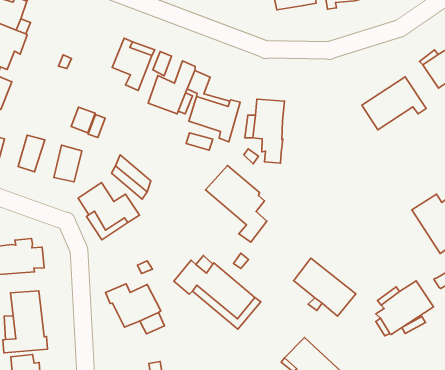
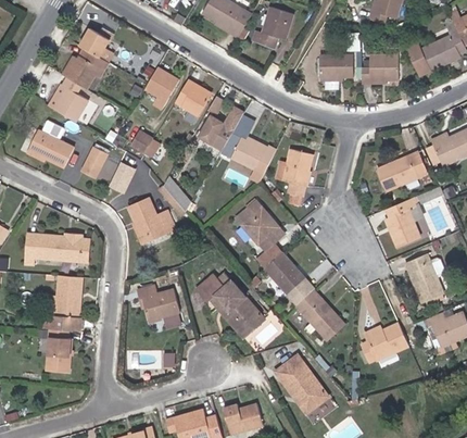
building: none -> [144,67,179,110]
building: none -> [384,197,420,248]
building: none -> [263,252,314,304]

